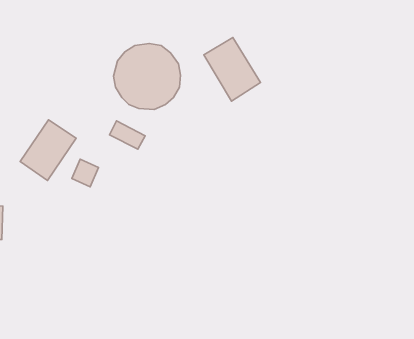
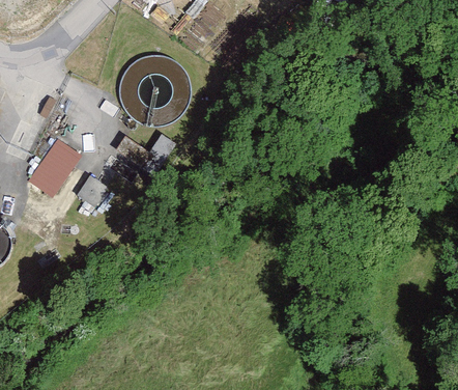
building: [204,37,261,101] -> none

